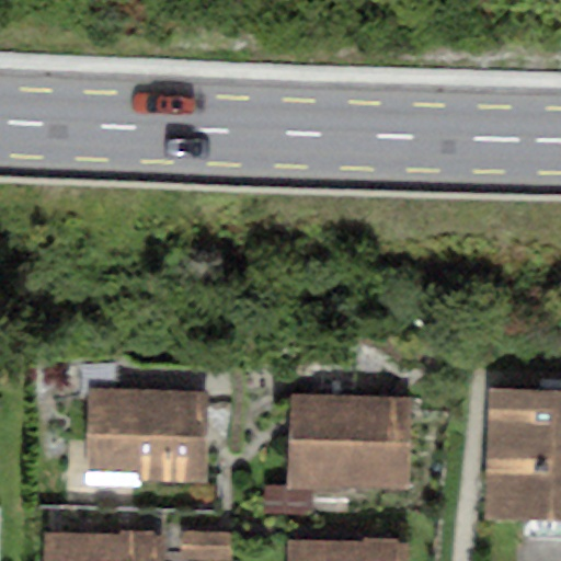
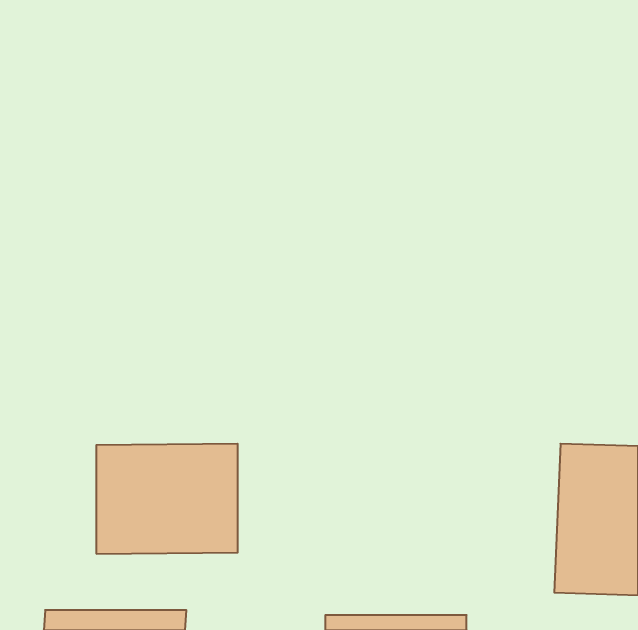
building: [289,396,413,492] -> none

